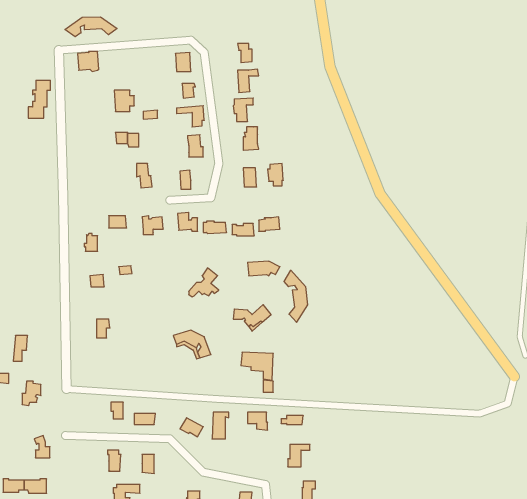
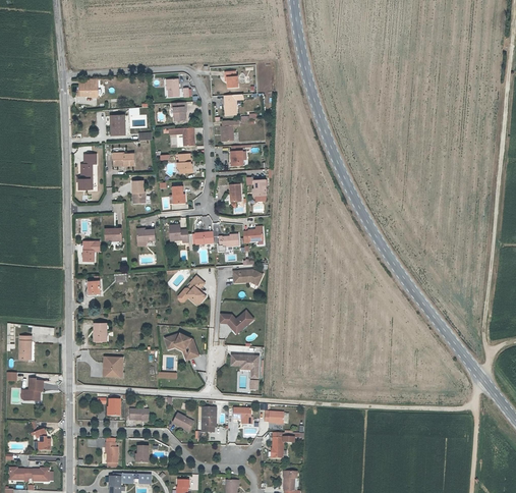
building: [65,17,117,37] -> none
building: [28,80,50,118] -> [77,152,98,186]
building: [284,270,307,322] -> none
building: none -> [100,355,120,377]

